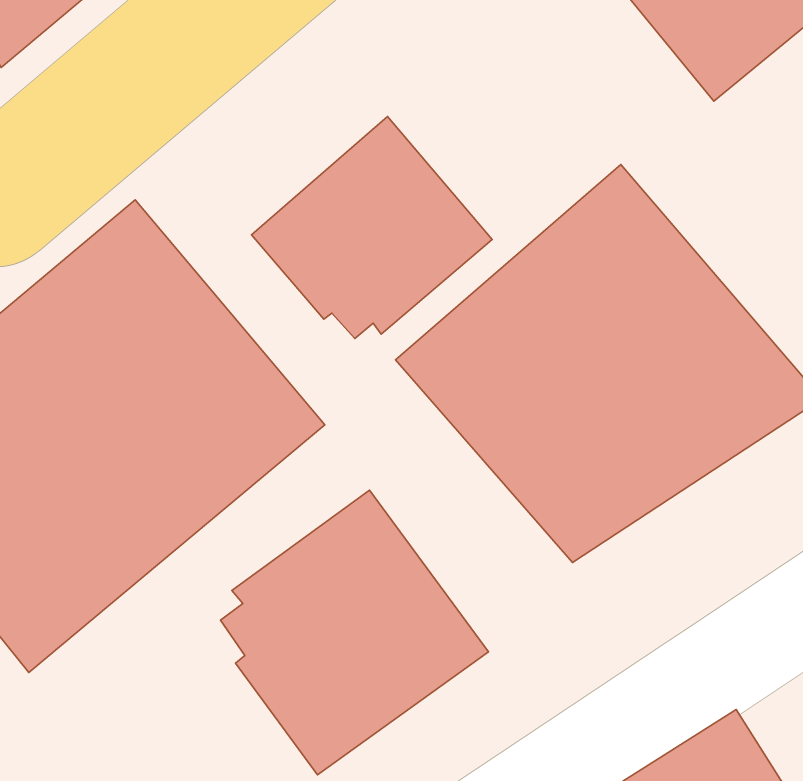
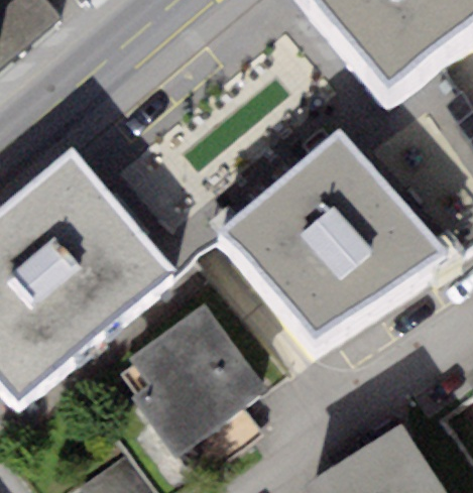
building: [251,116,492,338] -> none

